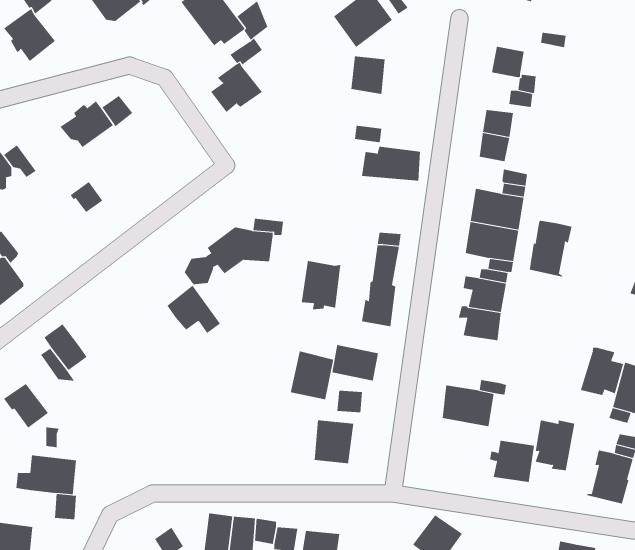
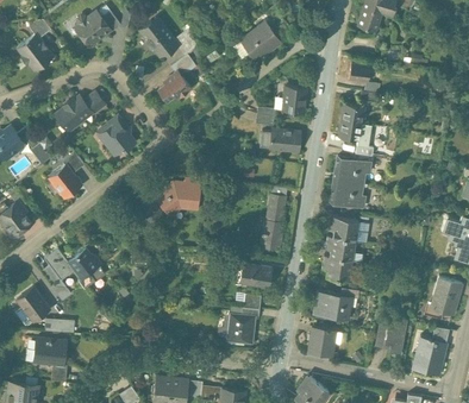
building: [351,56,386,94] -> [282,87,306,113]
building: none -> [94,117,138,160]
building: none -> [49,164,81,199]
building: [529,220,572,277] -> none
building: [301,260,341,310] -> none
building: [166,285,221,334] -> [68,248,105,282]
building: none -> [323,256,352,281]
building: [580,347,624,396] -> none
building: [290,350,334,400] -> none
building: [489,440,535,482] -> [305,327,336,355]

